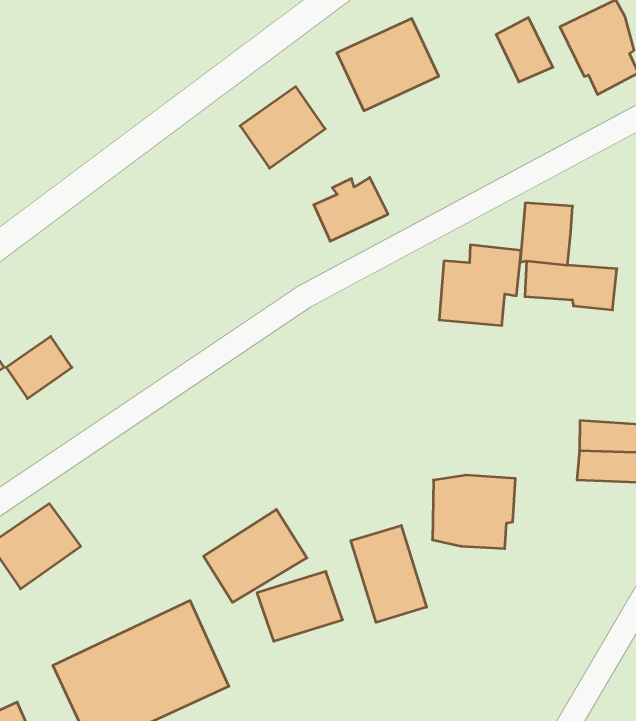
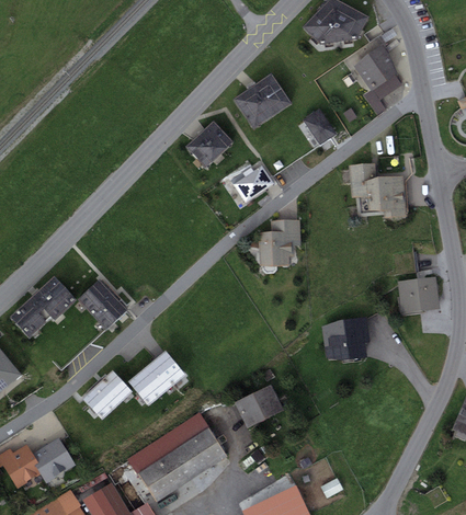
building: [496,18,553,82] -> [302,108,336,145]
building: none -> [376,175,405,196]
building: [439,245,521,325] -> [257,220,299,265]
building: none -> [91,294,127,329]
building: [204,509,307,602] -> [128,351,185,405]
building: [351,525,427,622] -> none

